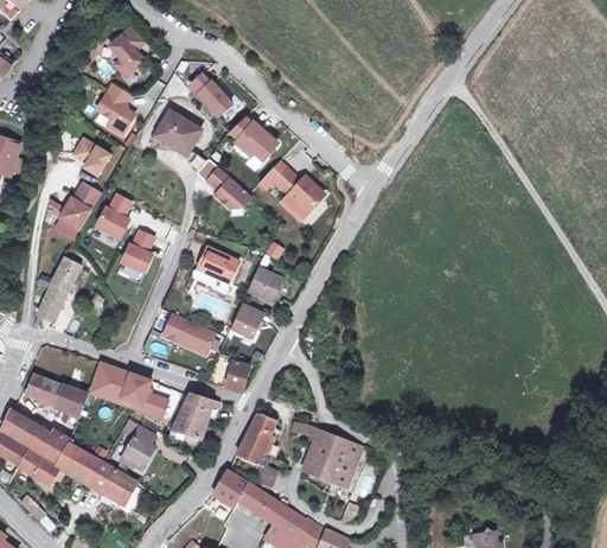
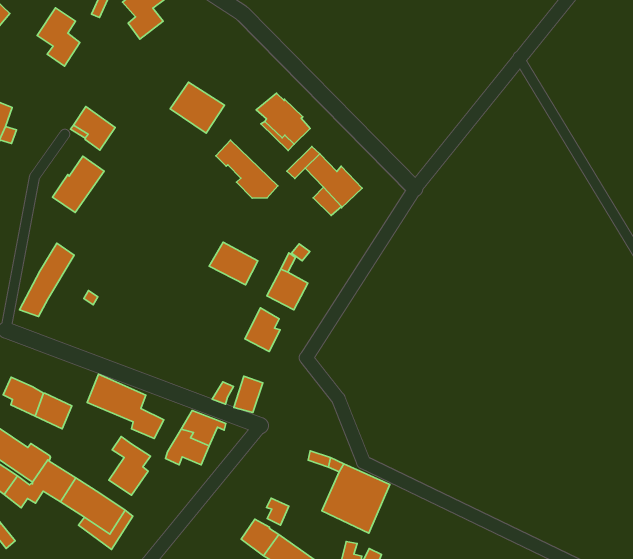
building: [190,74,232,116] -> none
building: [97,85,134,135] -> [37,8,80,66]
building: [91,193,132,247] -> none
building: [117,229,154,282] -> none
building: [164,313,216,355] -> none
building: [88,363,140,412] -> none
building: [236,414,276,464] -> none
building: [212,470,249,508] -> none

